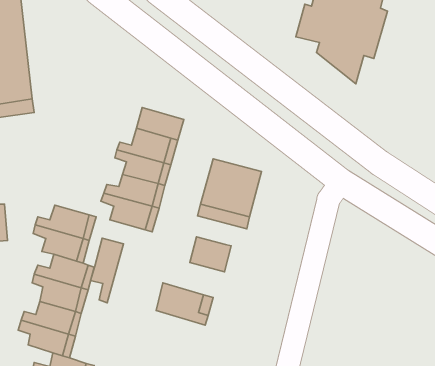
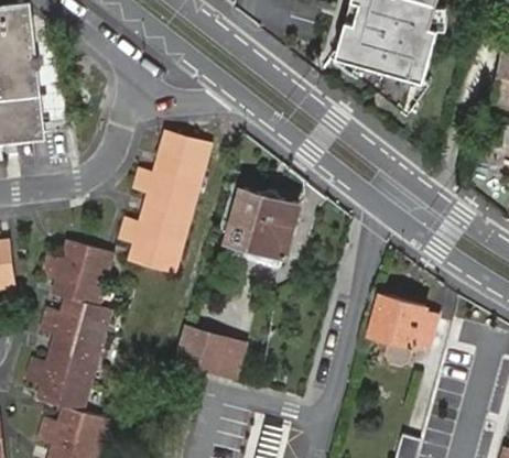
building: [190,237,231,272] -> none
building: [91,238,124,303] -> none
building: none -> [375,295,437,361]

